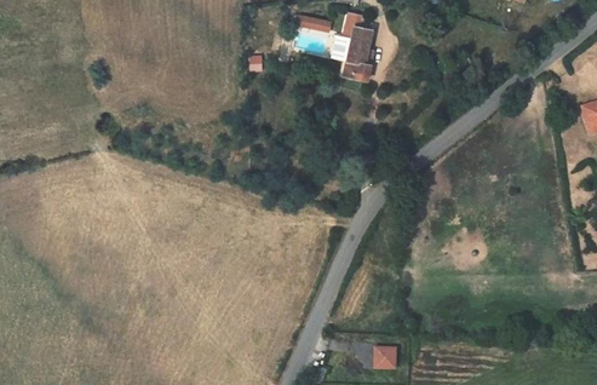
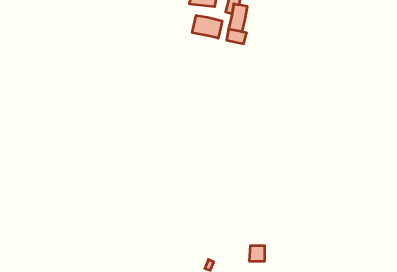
building: none -> [192,15,222,38]

